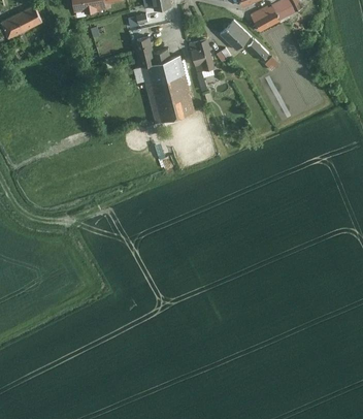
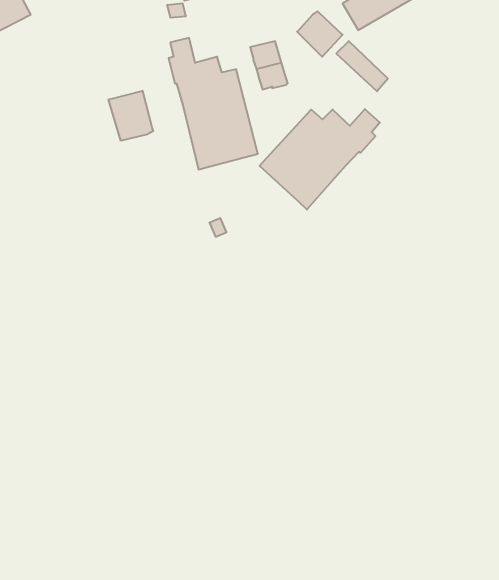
building: none -> [109,91,153,141]
building: none -> [260,109,380,210]

